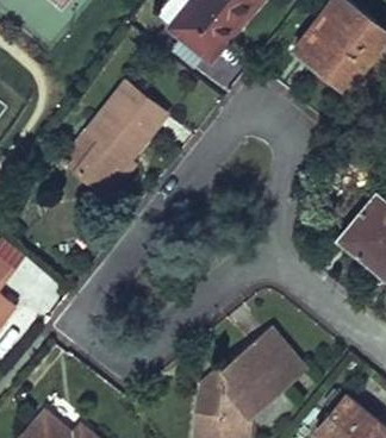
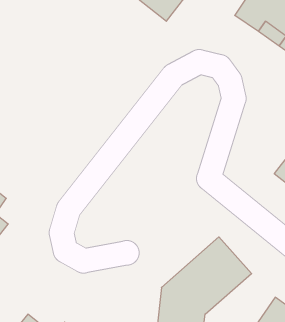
building: [75,82,166,192] -> none

